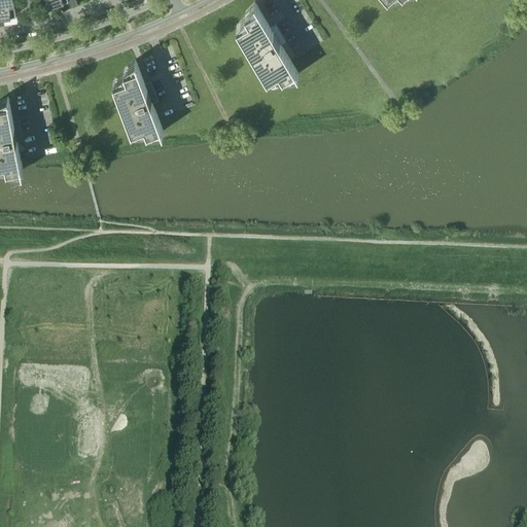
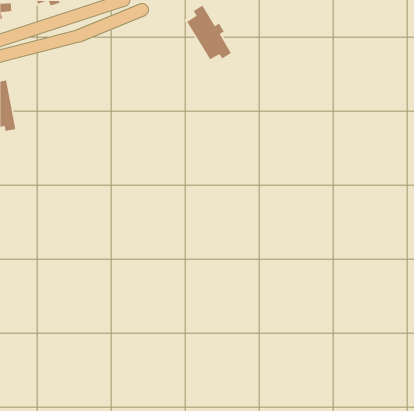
building: [112,64,163,136] -> none

